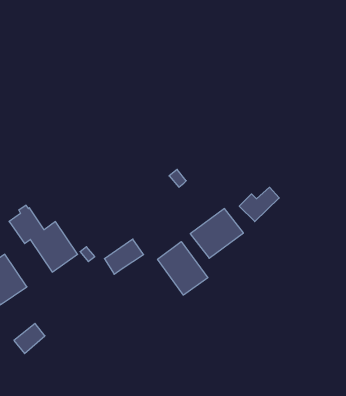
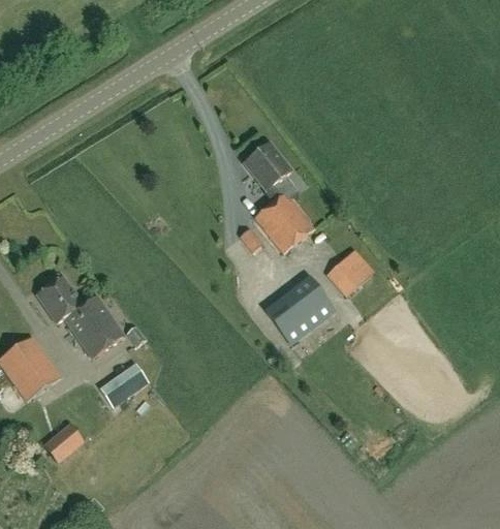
building: none -> [243,142,314,252]
building: [104,239,144,274] -> [98,363,148,407]
building: [158,242,208,295] -> none

